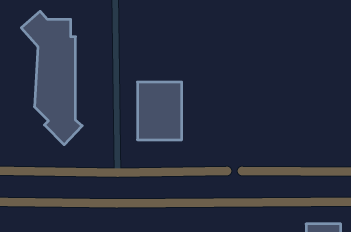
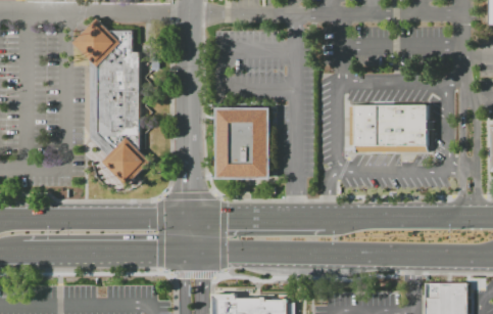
building: none -> [347,104,433,151]

